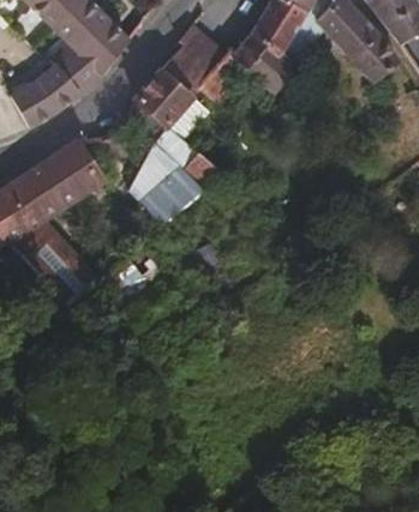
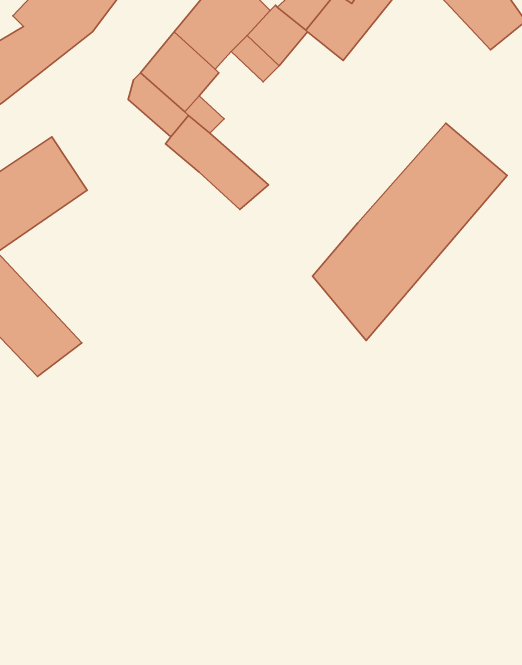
building: none -> [313,123,507,341]
building: [139,164,204,224] -> none

